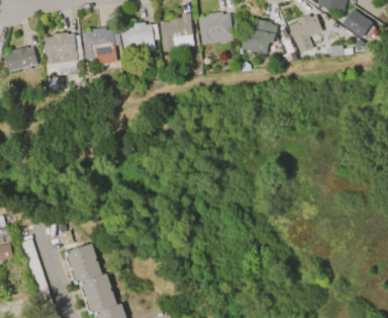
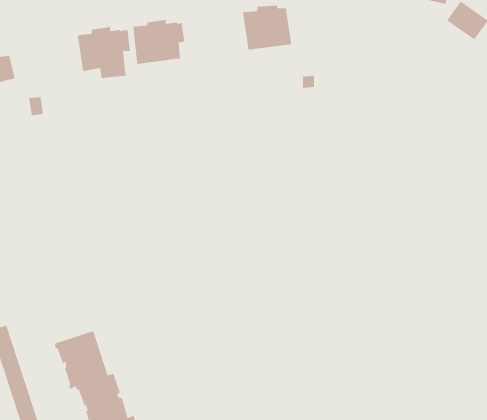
building: [160,13,193,50] -> none
building: [287,14,322,54] -> none
building: [240,20,277,54] -> none
building: [42,32,82,75] -> none

